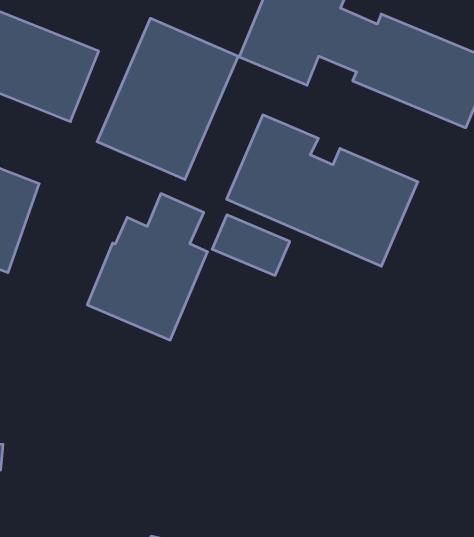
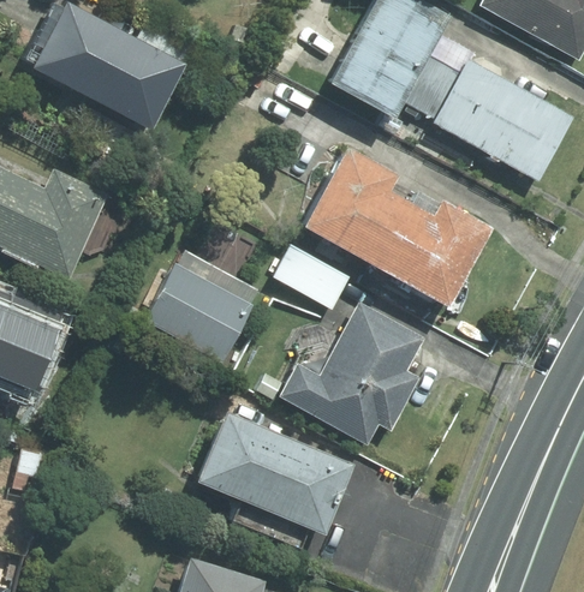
building: [97,18,238,180] -> none
building: none -> [263,299,429,444]
building: none -> [190,409,348,550]

